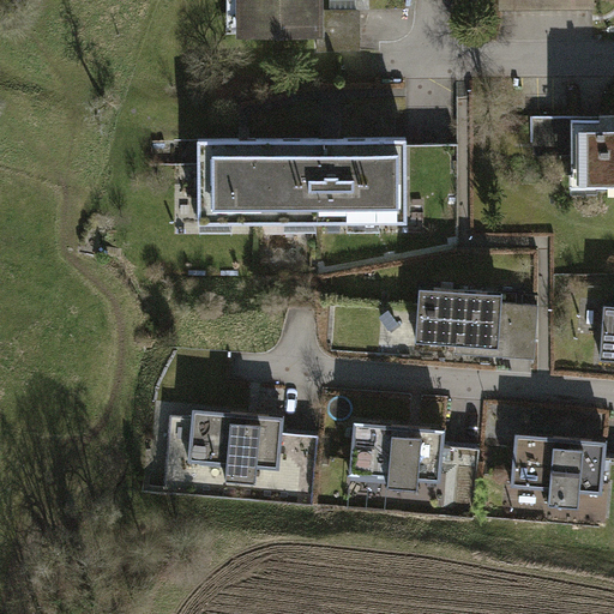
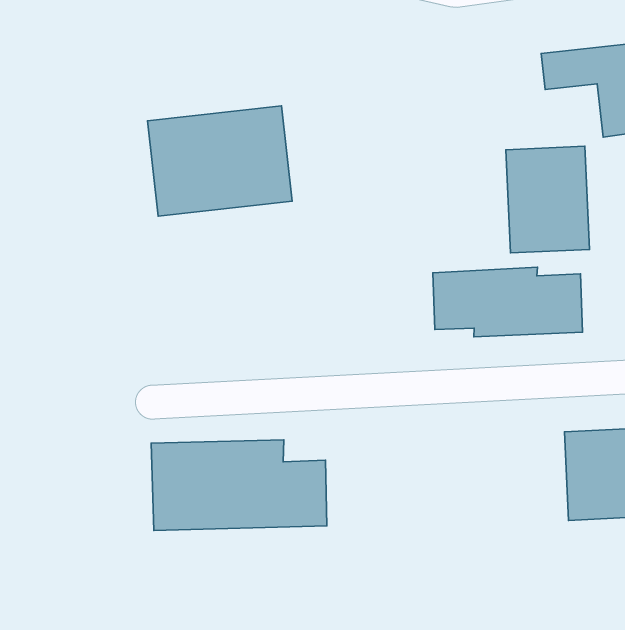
building: [309,139,414,219] -> none
building: none -> [506,146,589,253]
building: [354,421,478,499] -> none

